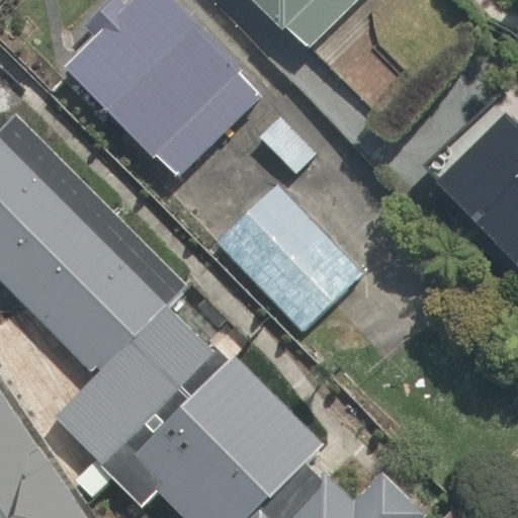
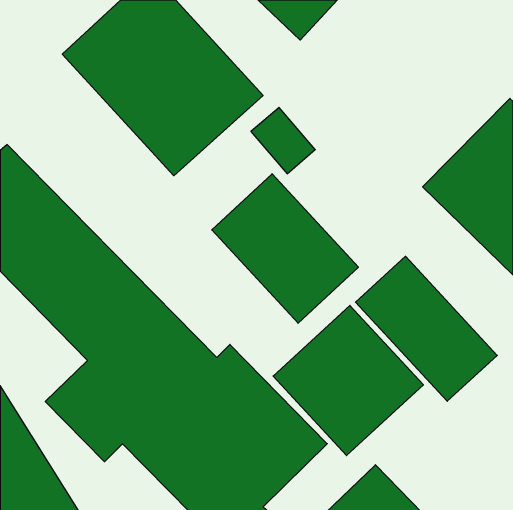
building: none -> [356,256,497,401]
building: none -> [273,305,423,456]

